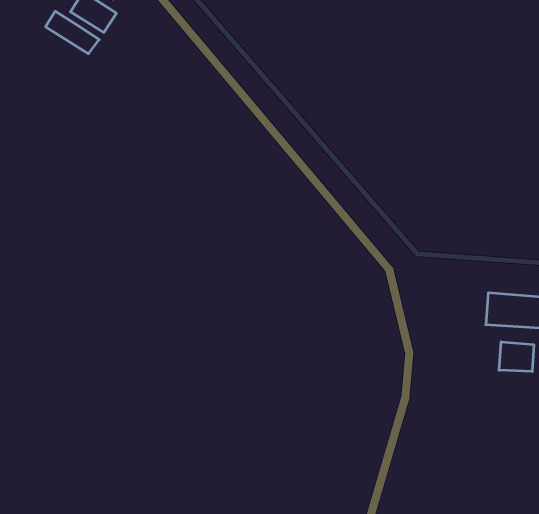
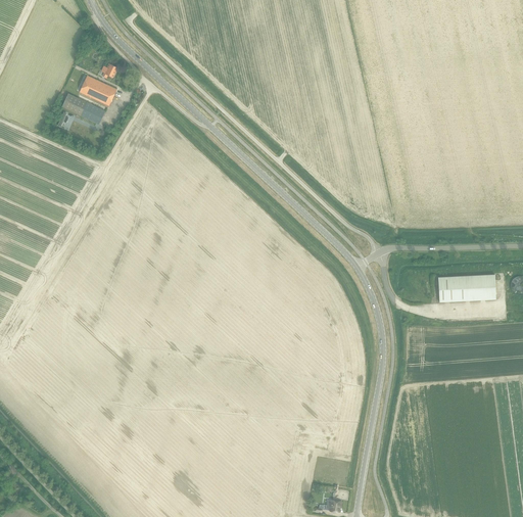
building: [499,342,534,372] -> none

